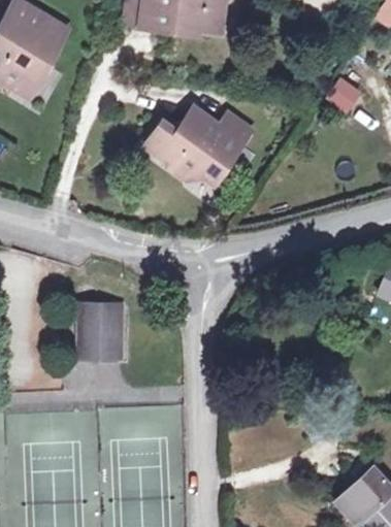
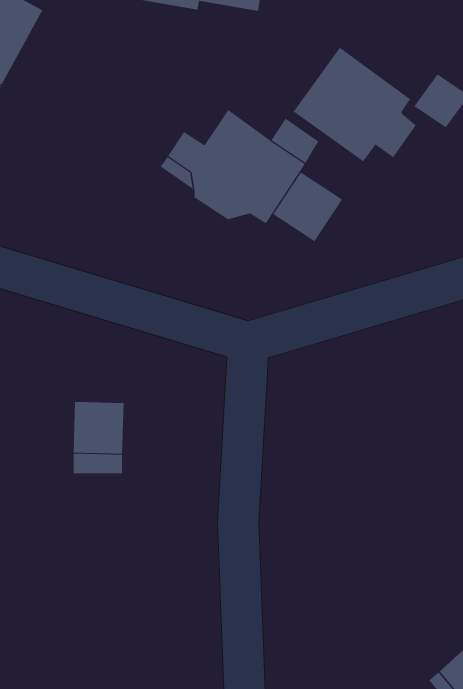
building: none -> [293,47,416,162]
building: none -> [273,171,343,242]

